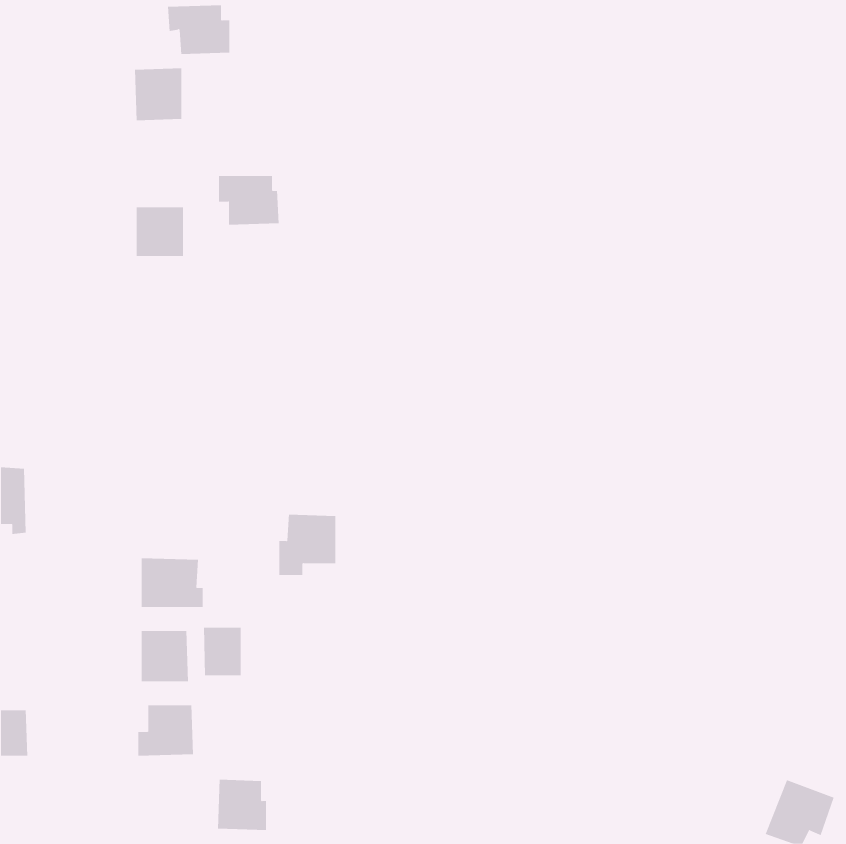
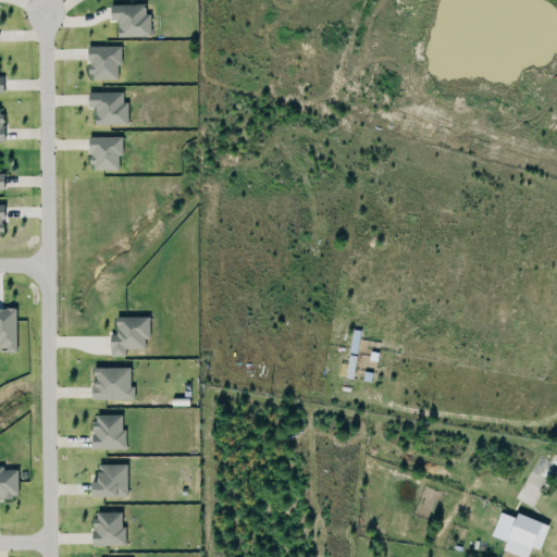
building: [218,176,280,225] -> [88,91,128,124]
building: [278,514,336,575] -> [110,315,148,356]
building: [203,627,241,676] -> none
building: [217,779,267,830] -> [92,511,125,545]

